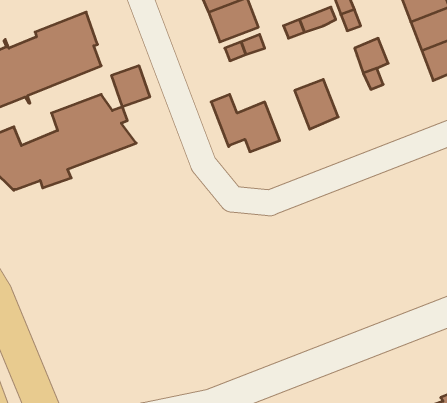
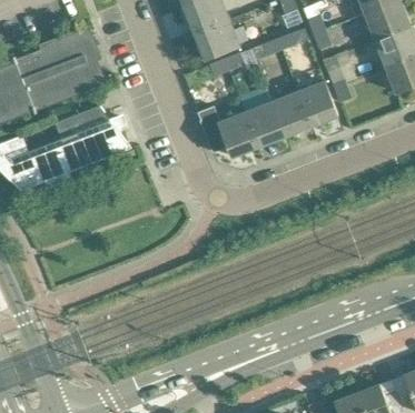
building: [112,66,150,107] -> none
building: none -> [297,81,337,125]
building: none -> [245,102,285,147]

